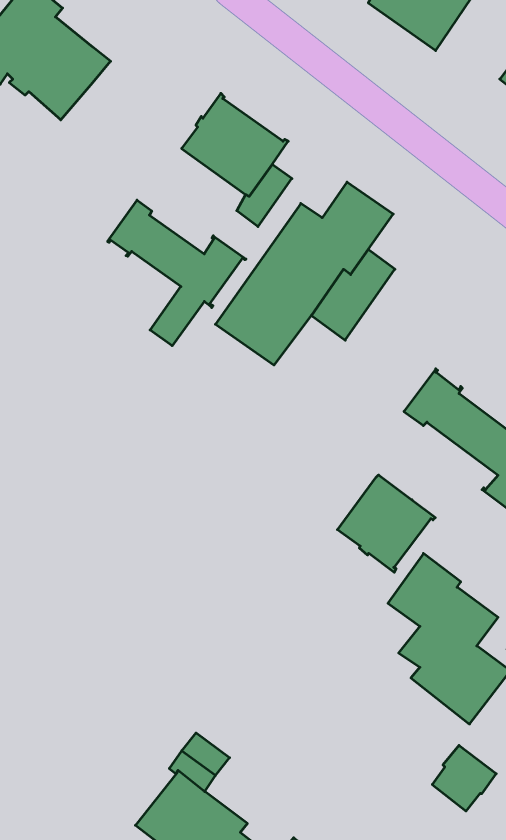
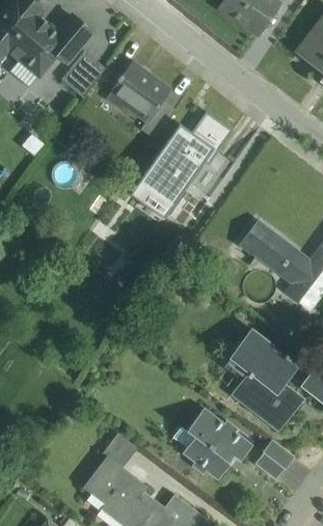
building: none -> [58,17,92,62]
building: none -> [62,50,107,96]
building: [108,200,246,346] -> none
building: [337,475,435,572] -> none
building: none -> [173,409,252,479]

